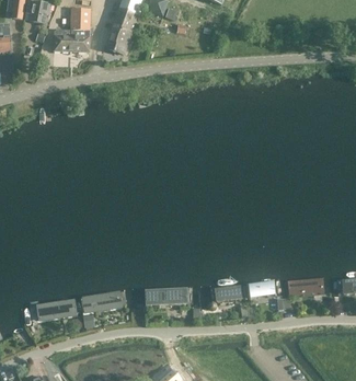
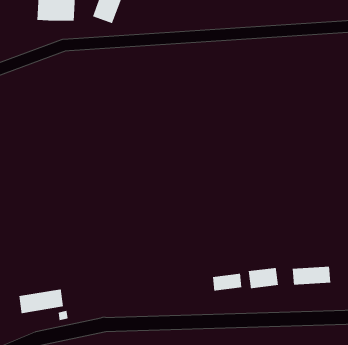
building: [143,287,188,304] -> none
building: [81,290,124,313] -> none

